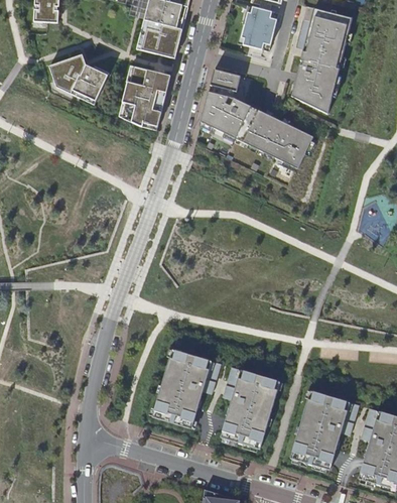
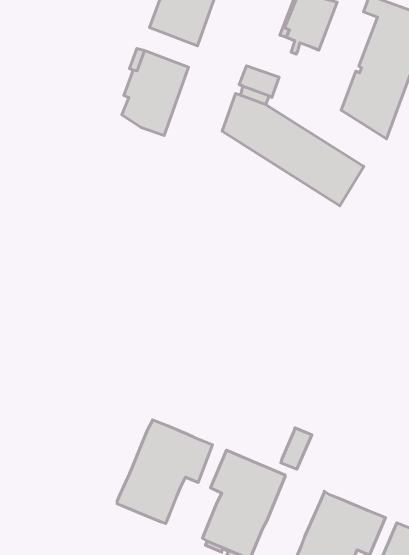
building: [49,53,109,104] -> none
building: none -> [281,428,312,469]

